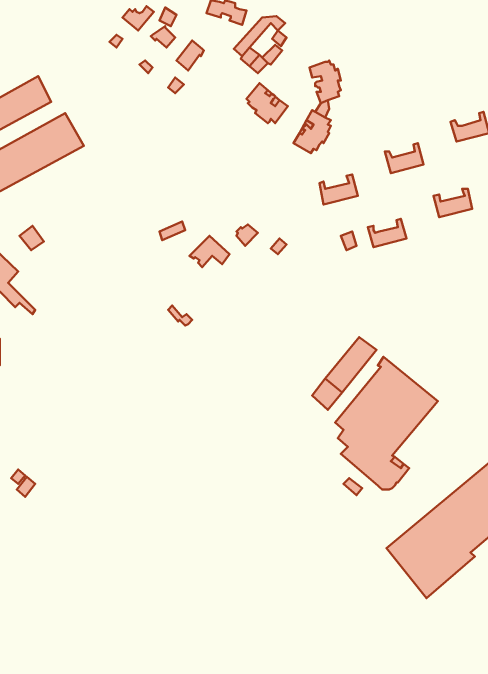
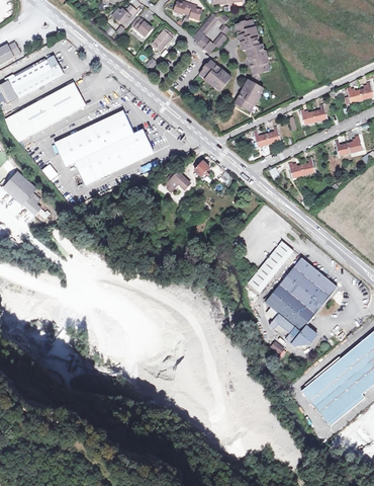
building: none -> [235,20,258,51]
building: none -> [55,111,153,184]

